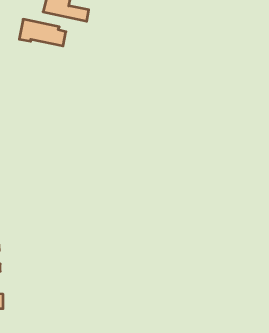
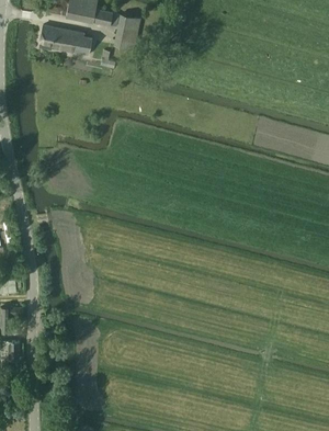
building: none -> [114,14,136,48]

